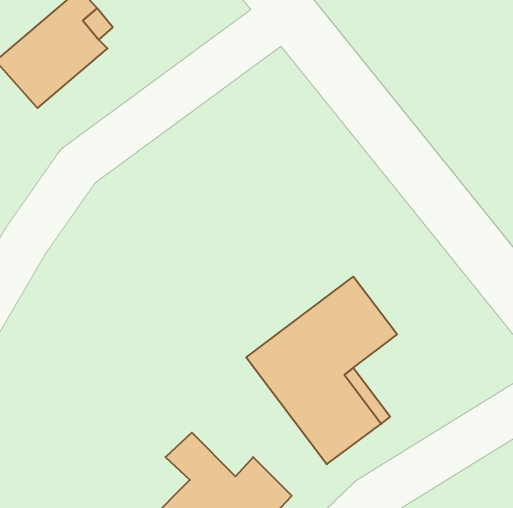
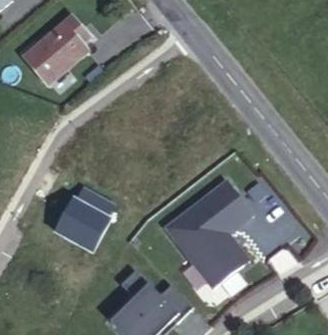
building: none -> [54,185,114,250]

